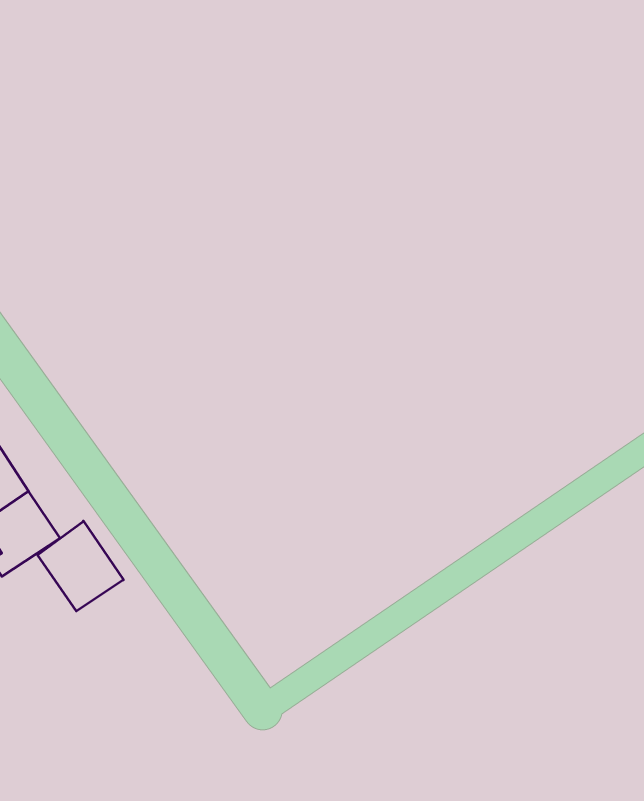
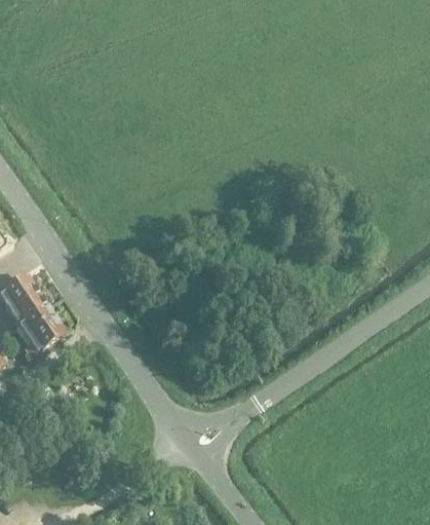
building: [38,521,123,611] -> none

